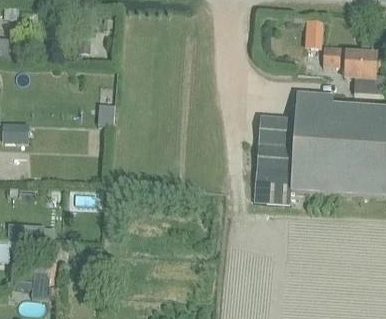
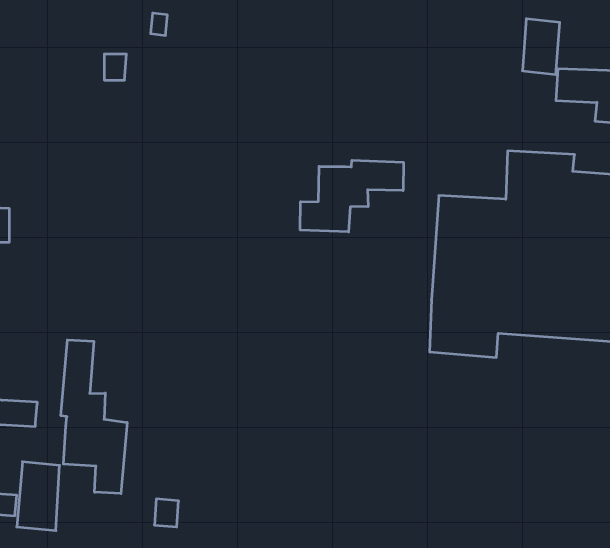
building: none -> [300,160,403,232]
building: none -> [61,340,127,494]

